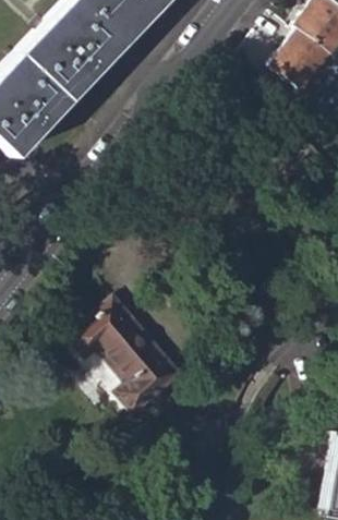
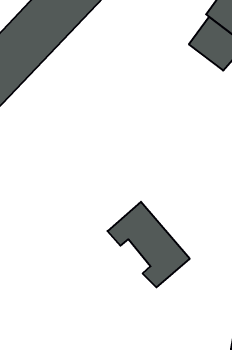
building: [75,299,185,413] -> [107,202,190,287]

